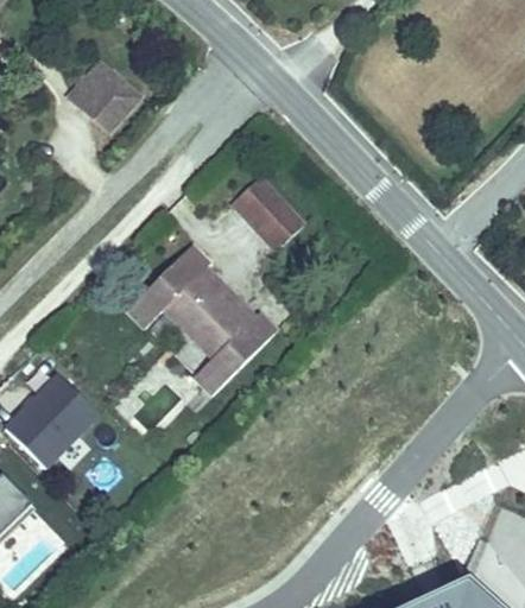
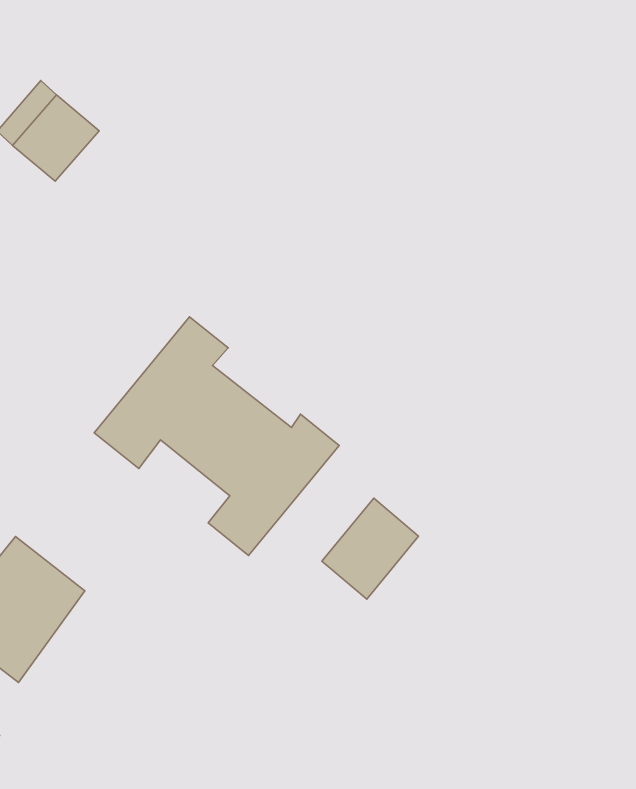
building: [229,173,304,246] -> none
building: none -> [322,498,419,599]

